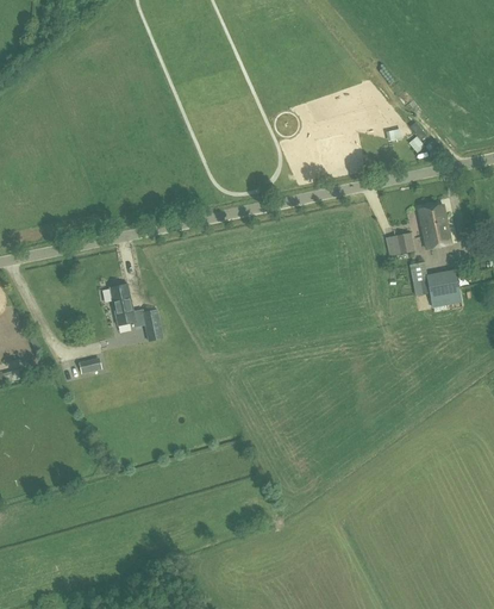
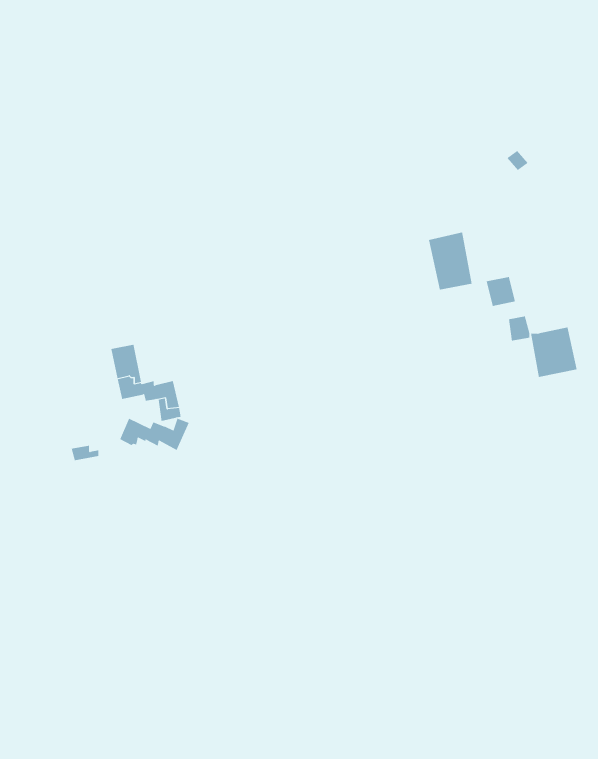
building: [417,204,450,248] -> [428,232,472,290]
building: none -> [119,418,189,451]

